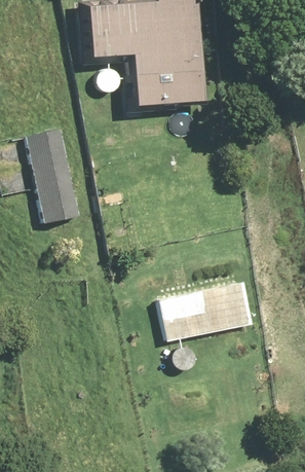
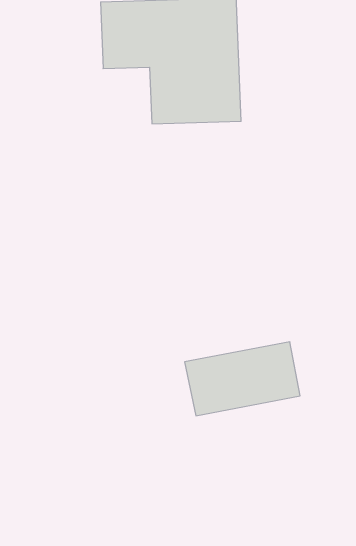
building: [28,132,81,220] -> none

